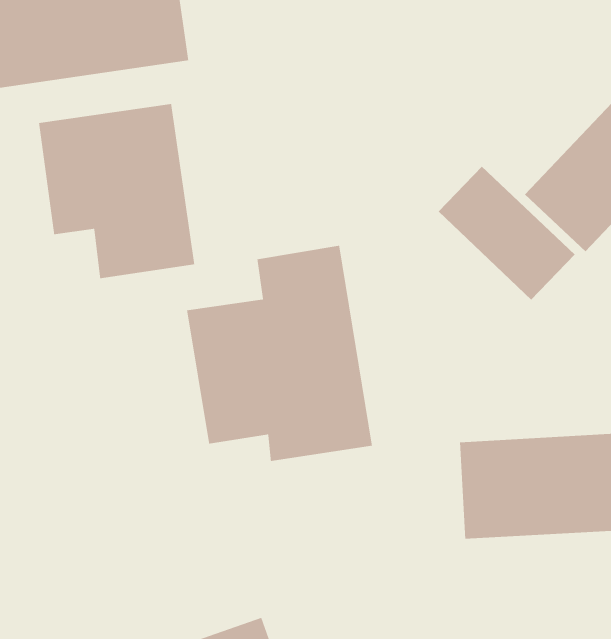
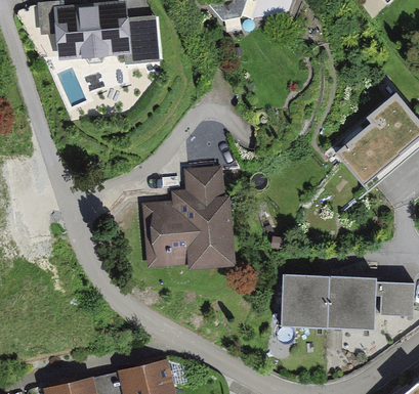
building: [38,103,195,279] -> none
building: [438,166,575,300] -> none

